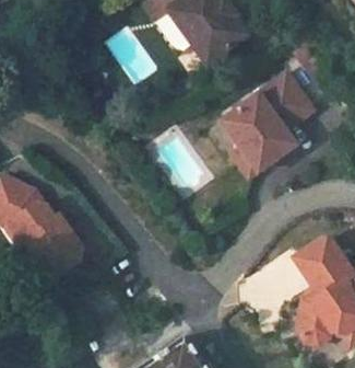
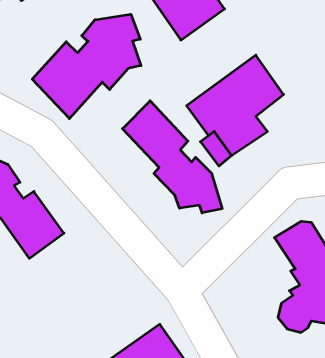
building: none -> [32,14,141,119]
building: none -> [122,101,222,213]

